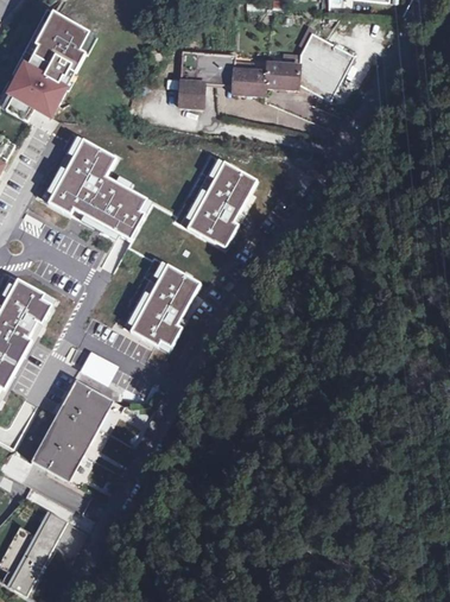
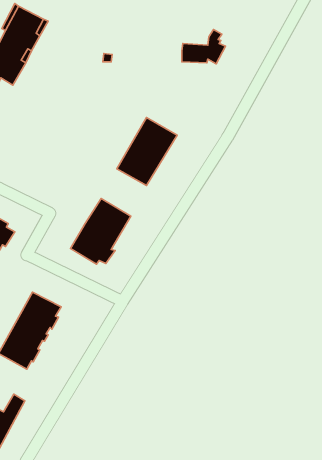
building: [305,33,353,100] -> none
building: [178,52,265,107] -> none
building: [47,139,144,241] -> none
building: [78,350,116,385] -> none

